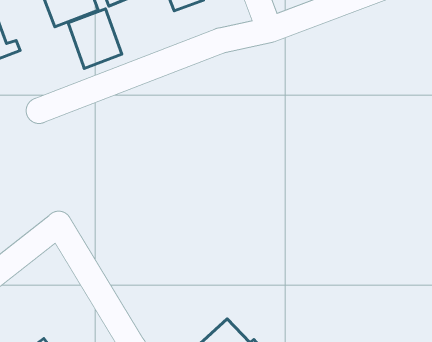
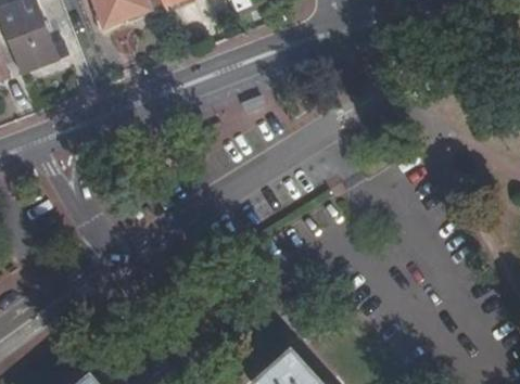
building: [68,9,122,68] -> none

